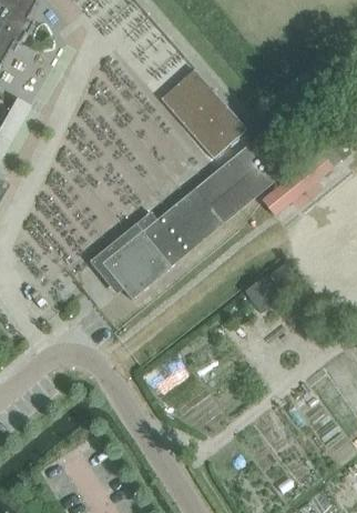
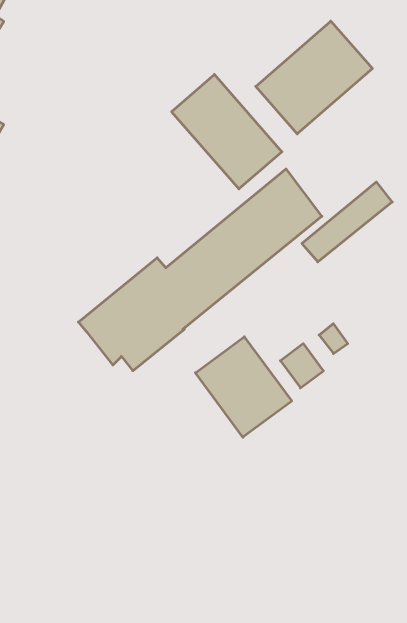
building: none -> [256,21,372,134]
building: none -> [195,337,292,437]

